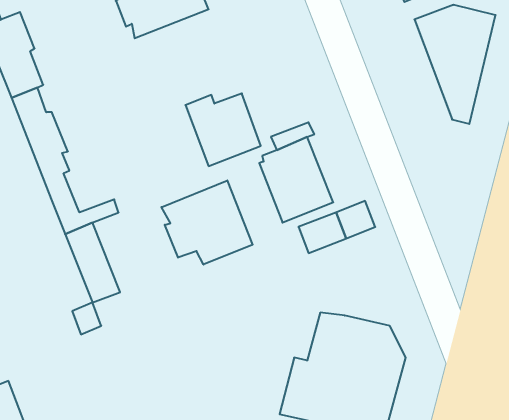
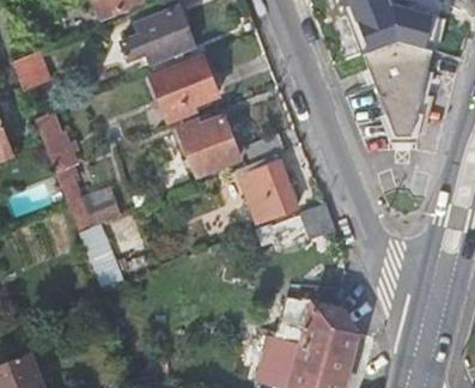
building: none -> [152,56,218,122]
building: [161,180,253,265] -> none

